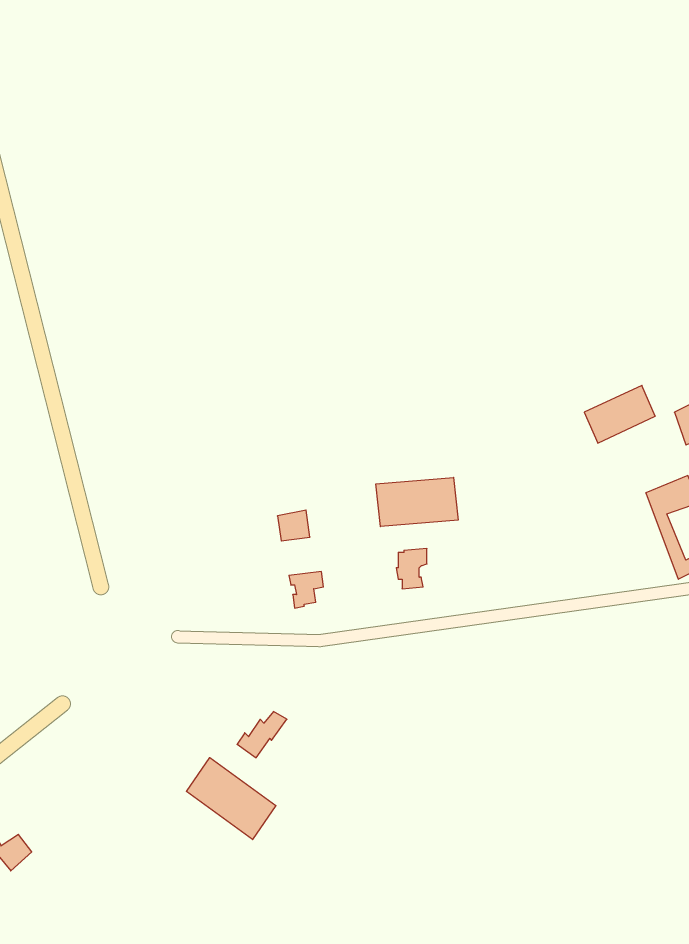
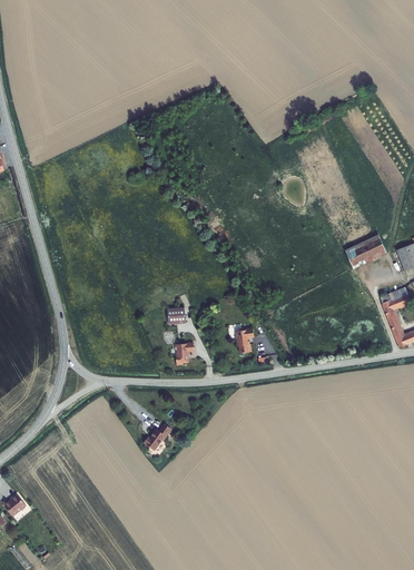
building: [376,477,458,527] -> none
building: [186,758,276,840] -> none

